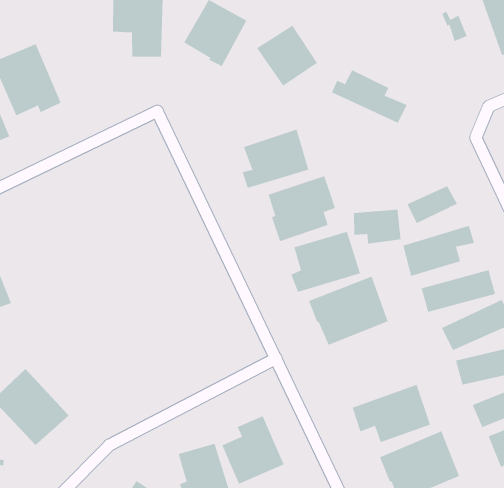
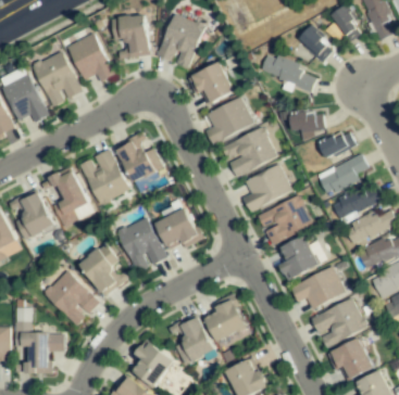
building: none -> [67,34,113,80]
building: [256,25,318,87] -> [190,63,233,105]
building: none -> [298,26,335,62]
building: none -> [114,131,164,184]
building: none -> [80,149,129,205]
building: [353,209,401,244] -> [290,111,324,136]
building: none -> [51,167,93,227]
building: none -> [155,207,201,250]
building: none -> [116,217,166,272]
building: none -> [79,245,119,294]
building: none -> [277,235,319,280]

